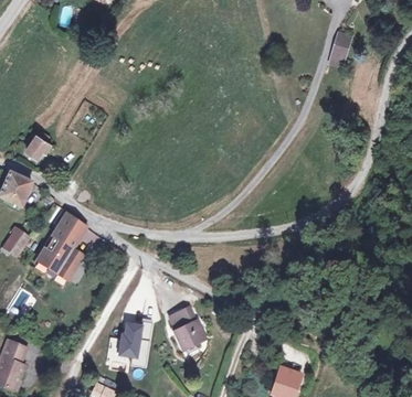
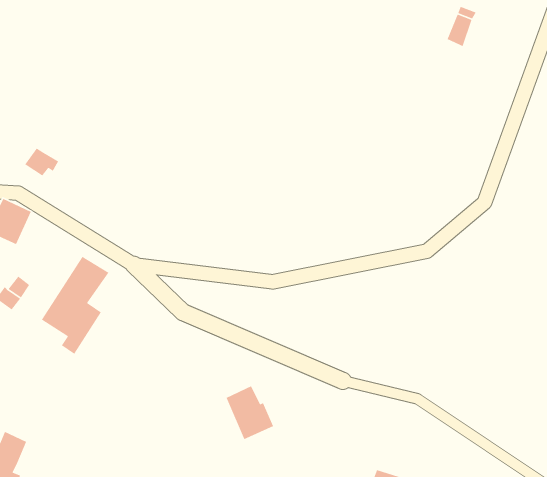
building: [118,320,151,366] -> none

